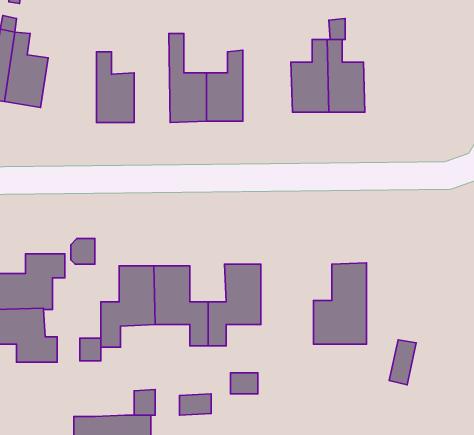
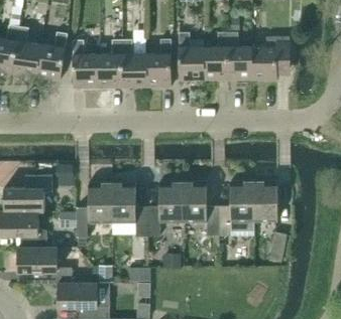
building: none -> [99,27,123,87]
building: none -> [36,31,68,79]
building: none -> [180,32,205,79]
building: none -> [252,36,291,79]
building: none -> [254,180,278,234]
building: none -> [184,181,219,235]
building: none -> [18,247,73,283]

